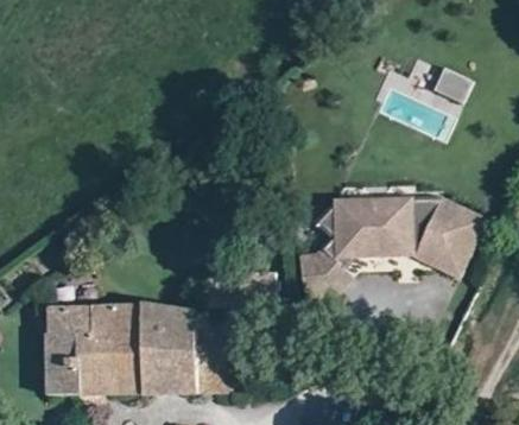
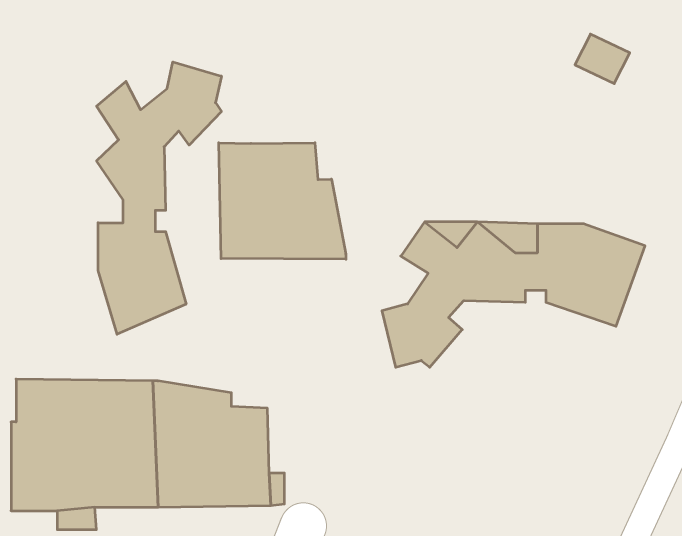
building: none -> [97,62,221,334]
building: none -> [219,143,346,259]

